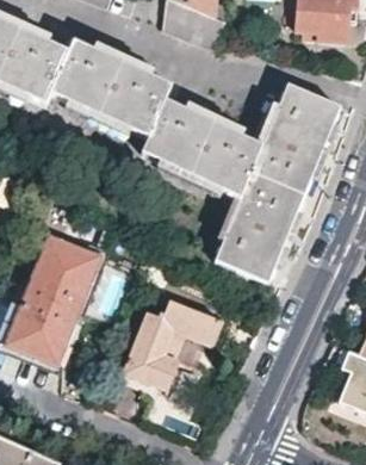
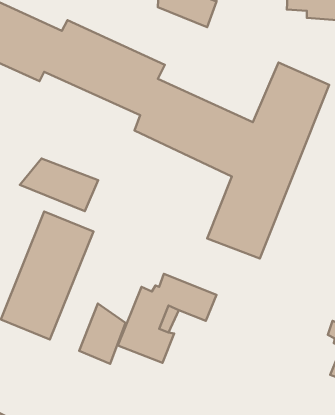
building: none -> [20,159,98,211]
building: none -> [79,304,126,364]

